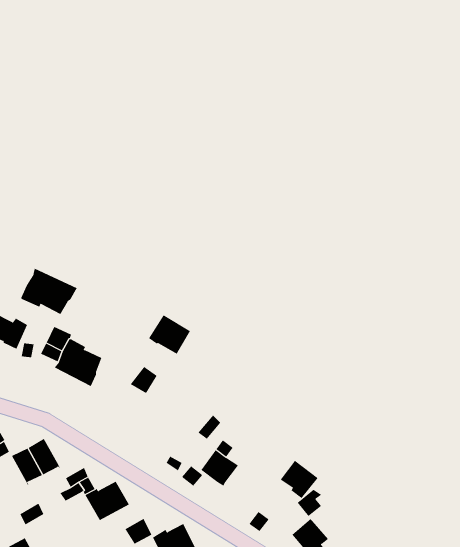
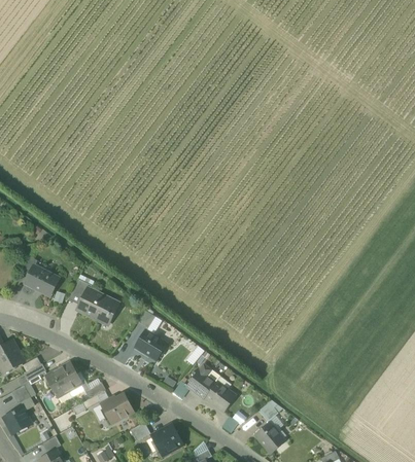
building: [21,268,77,315] -> none
building: [148,315,191,355] -> [136,329,168,359]
building: [280,460,318,499] -> [206,382,235,411]

